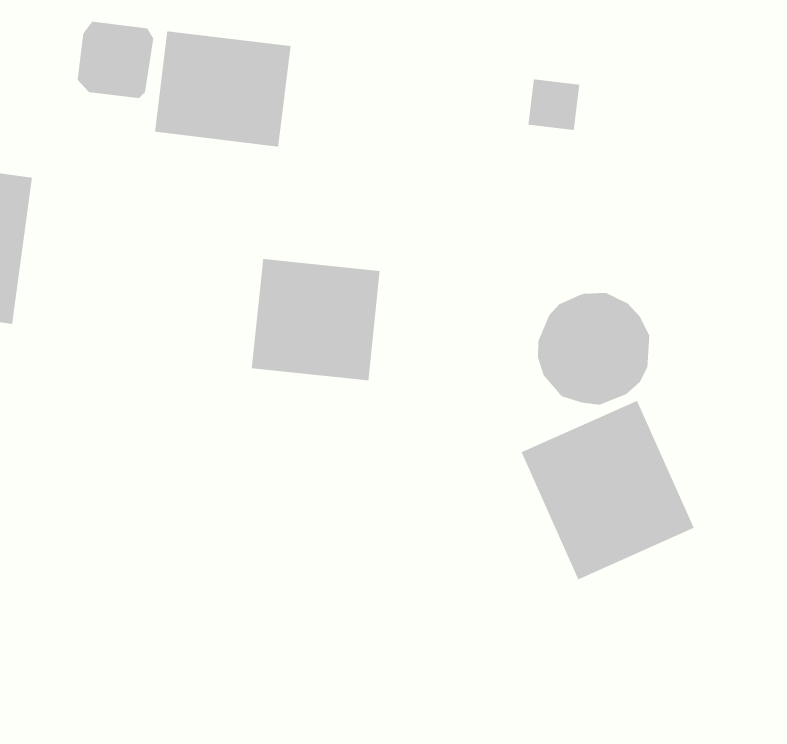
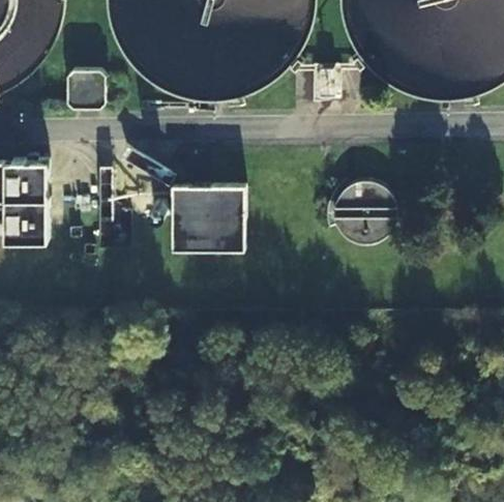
building: [154,30,291,147] -> none
building: [520,400,695,580] -> none

